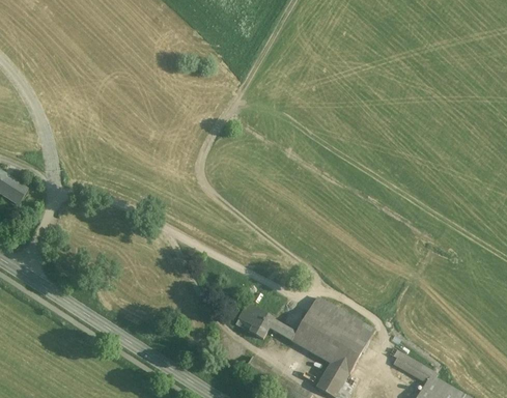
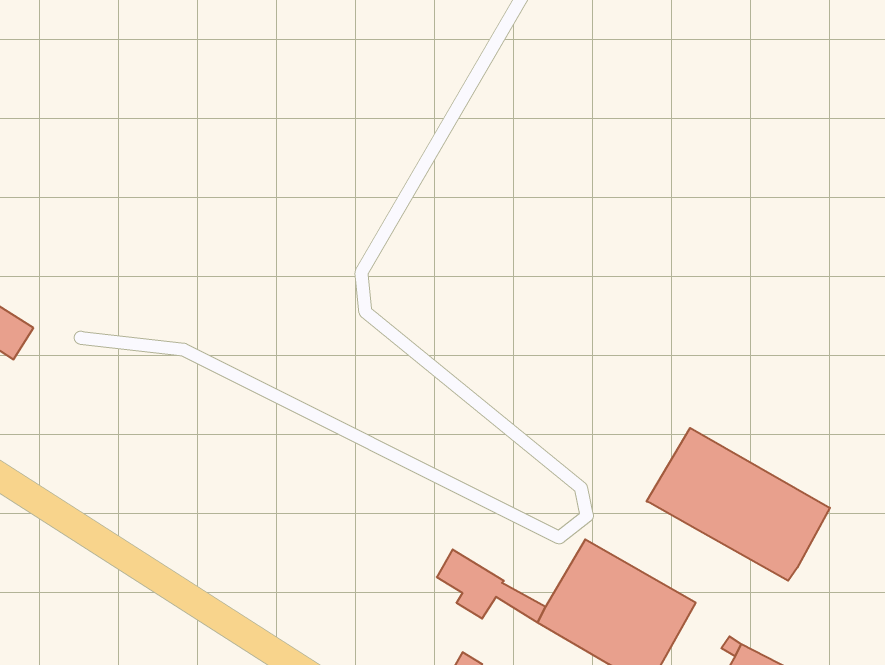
building: none -> [647,428,830,581]

